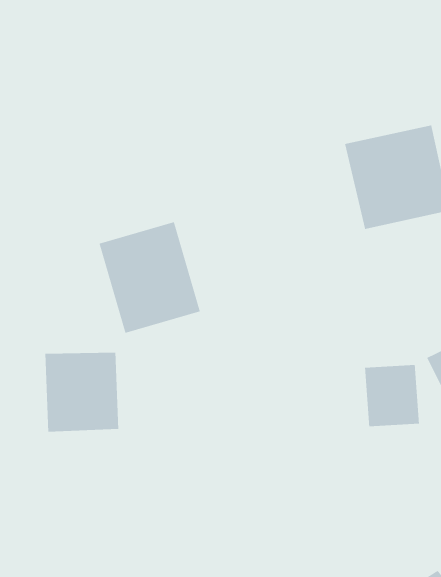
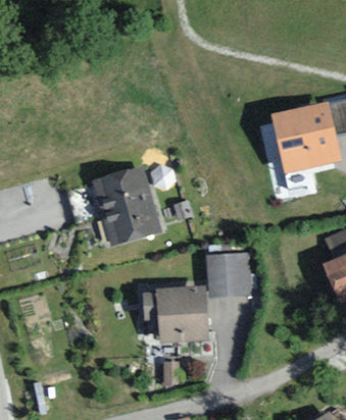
building: [45,352,119,432] -> [153,287,205,344]
building: [364,364,420,427] -> [205,251,244,295]

